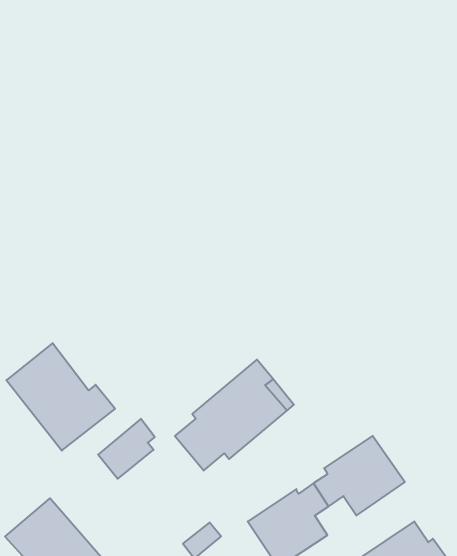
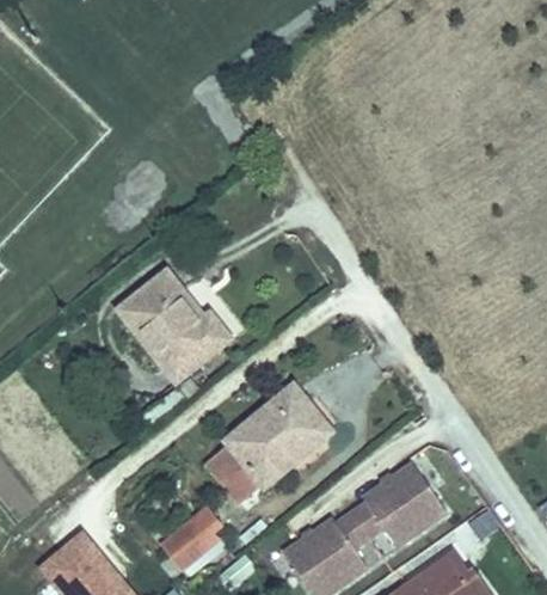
building: [6,343,115,451] -> [118,270,231,381]
building: [98,419,155,479] -> [161,507,220,569]

